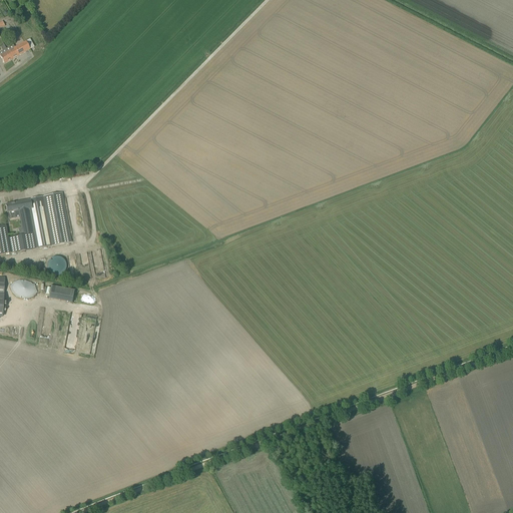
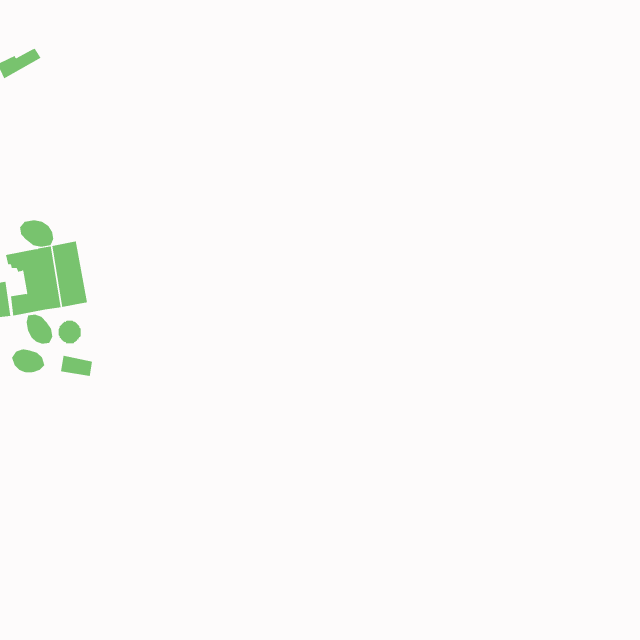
building: none -> [19,220,54,247]
building: none -> [26,314,53,345]

